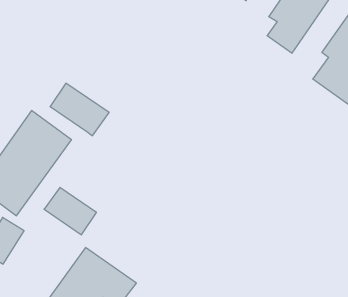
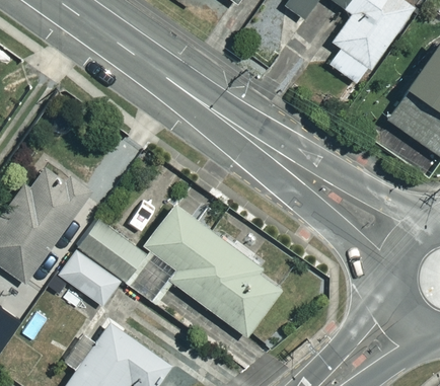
building: [50,83,109,136] -> [77,221,149,285]
building: none -> [144,205,284,336]

